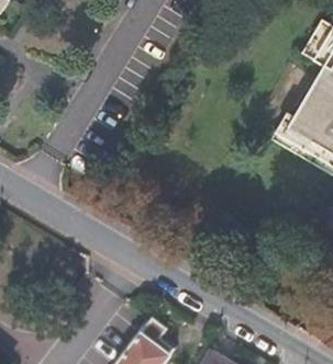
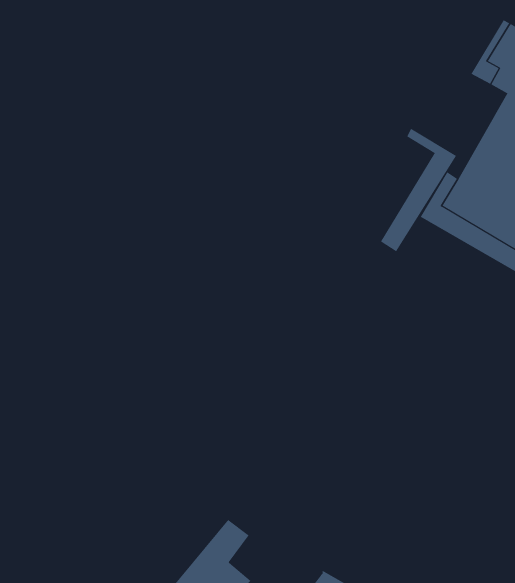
building: none -> [380,128,457,252]

